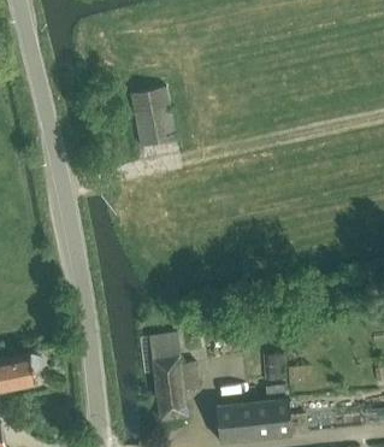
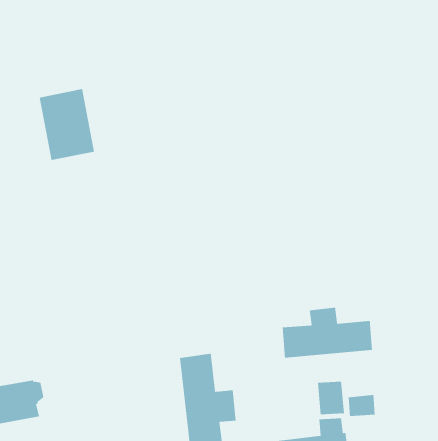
building: [129,88,175,147] -> [39,89,95,160]
building: none -> [282,307,372,359]

